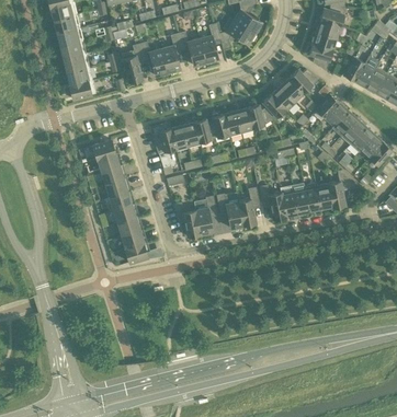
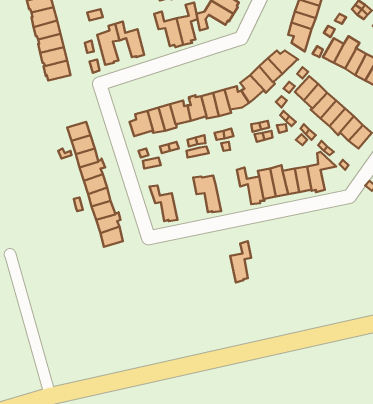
building: [161,33,182,73] -> none
building: [238,186,259,227] -> [230,241,251,282]
building: [194,195,216,235] -> none

